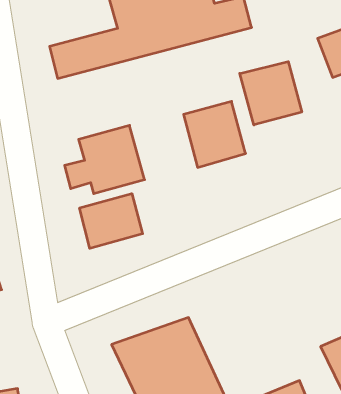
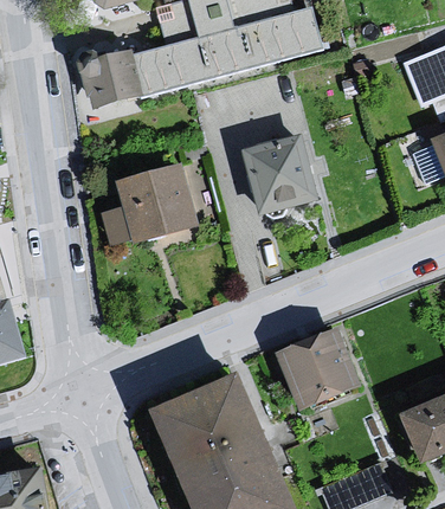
building: [240,62,302,125] -> none
building: [80,194,143,248] -> none
building: none -> [284,340,365,415]

